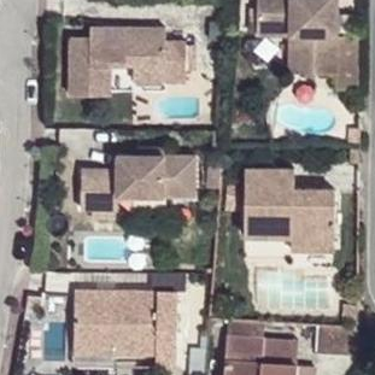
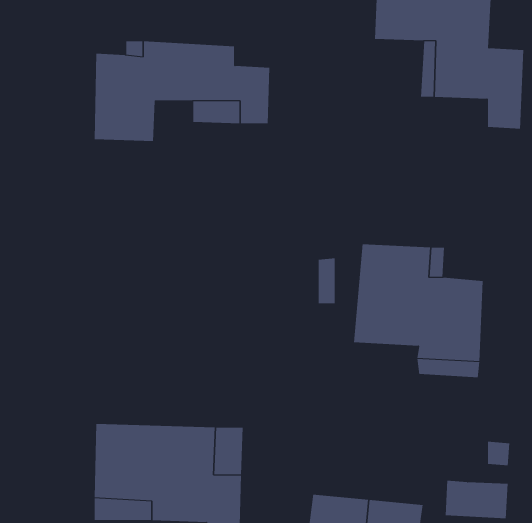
building: [80,157,192,210] -> none

